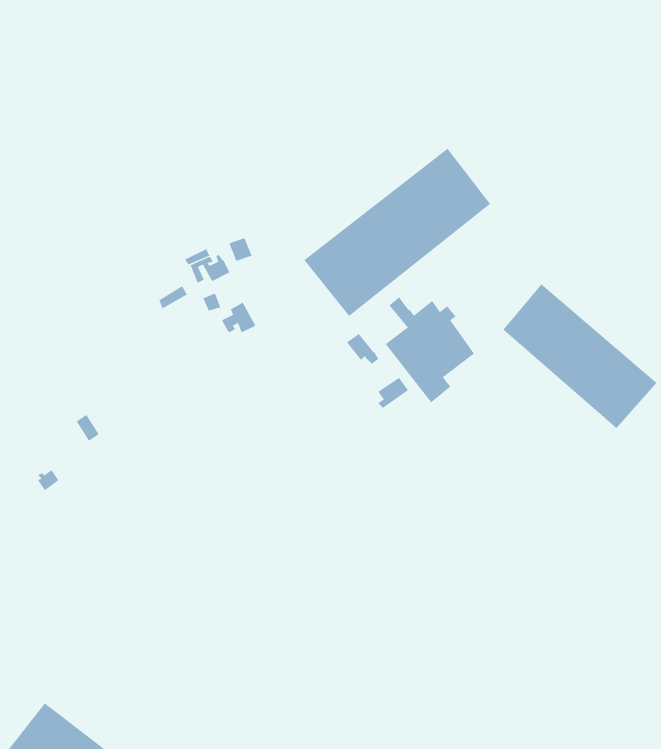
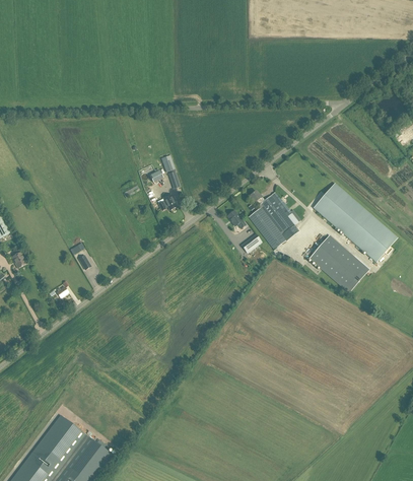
building: [304,148,491,317] -> none
building: none -> [308,234,368,292]

